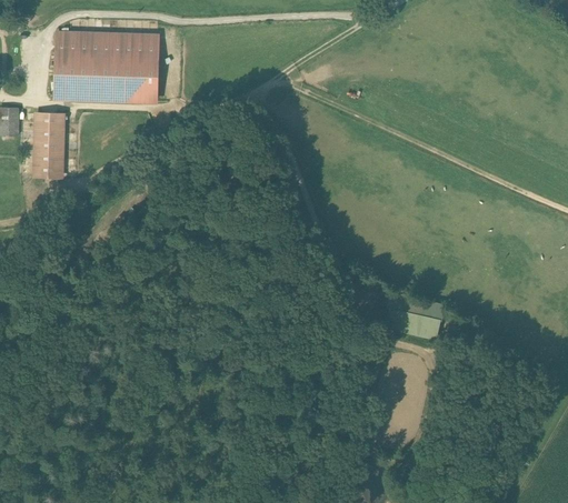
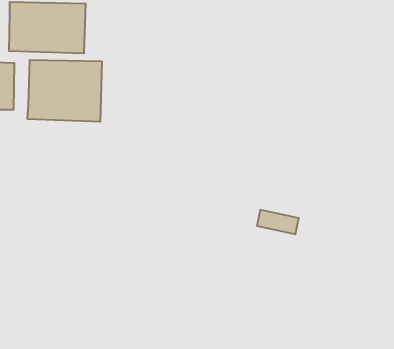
building: none -> [28,60,102,122]

